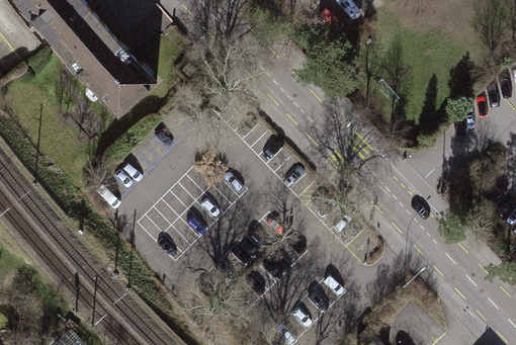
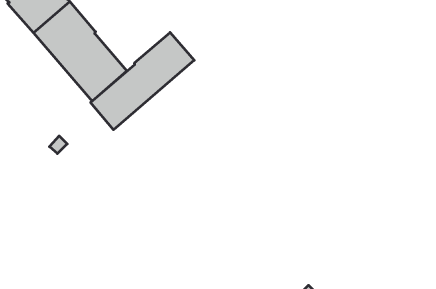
building: none -> [91,32,194,130]

